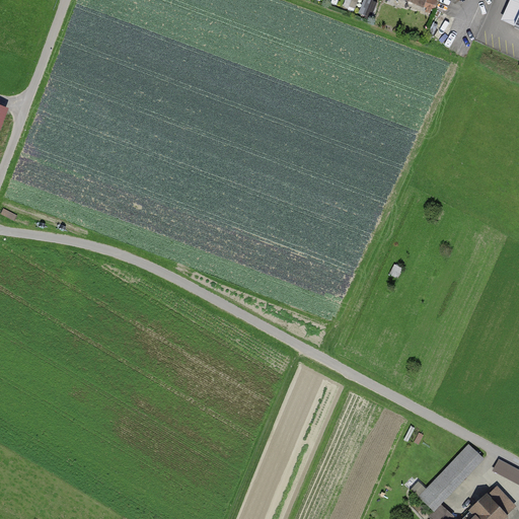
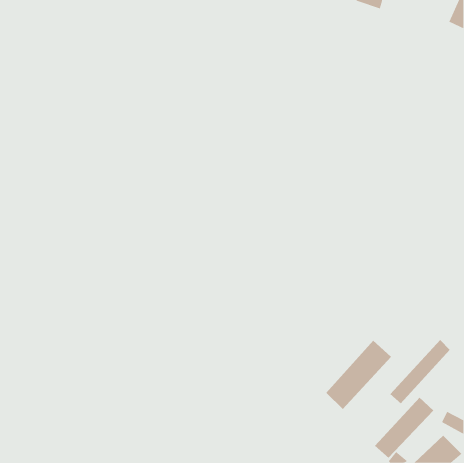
building: none -> [390,339,451,404]
building: none -> [325,340,392,410]

